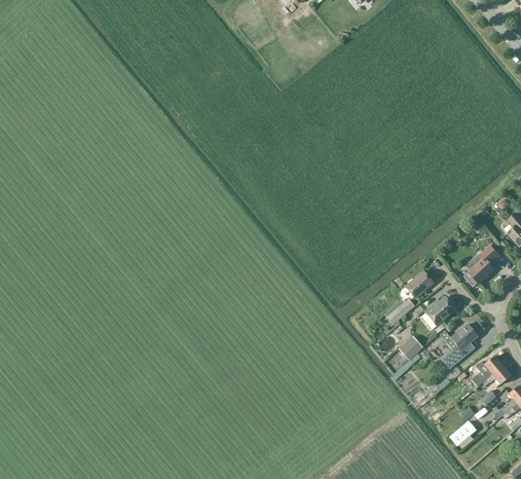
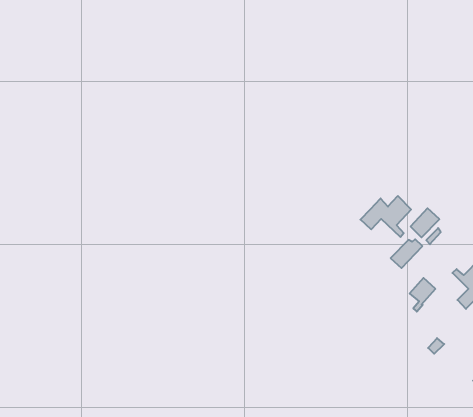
building: none -> [360,196,411,237]
building: [425,296,455,324] -> none

